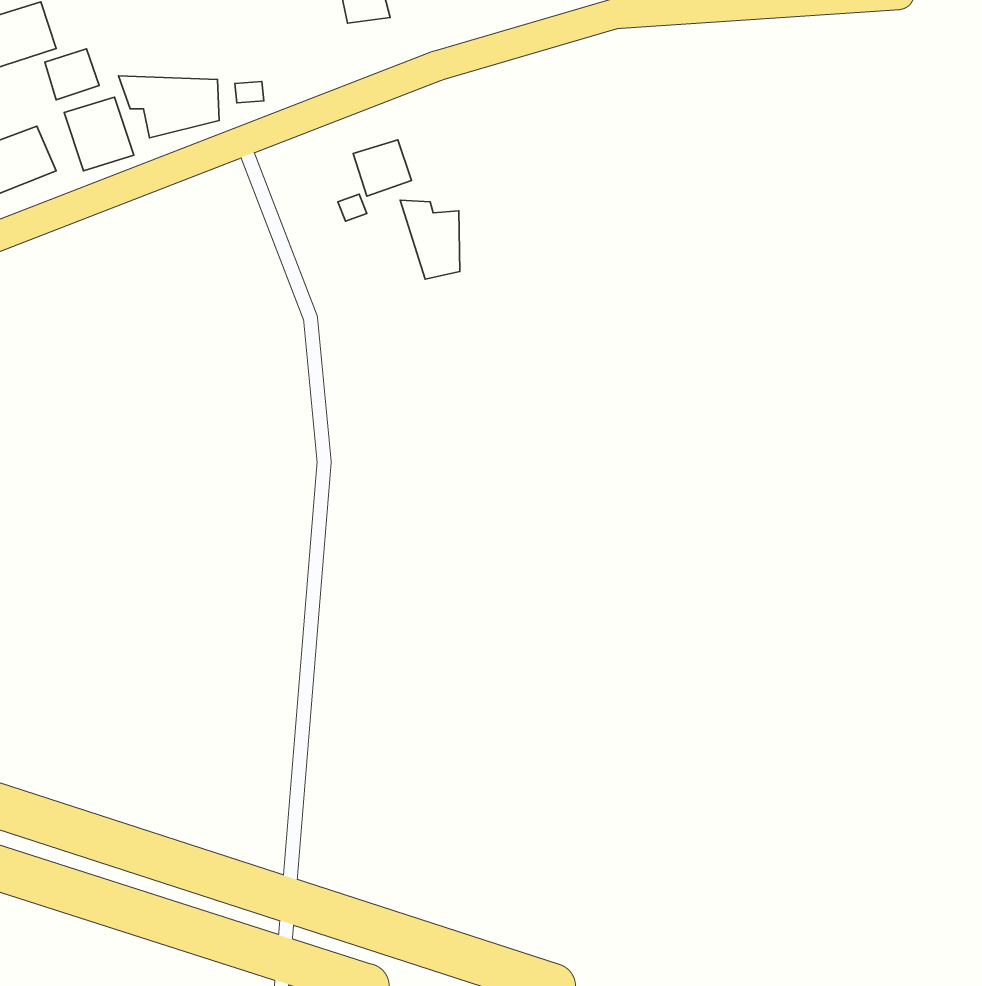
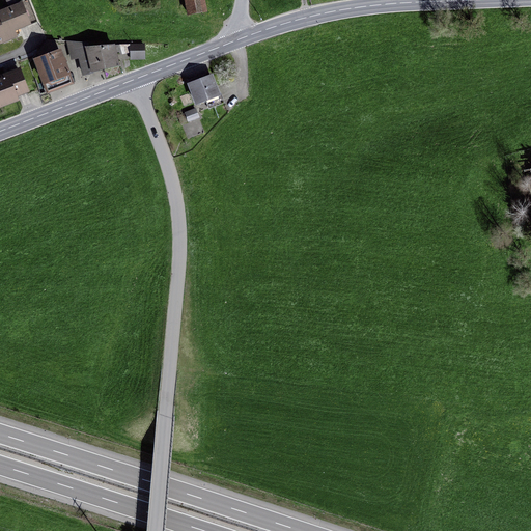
building: [45,49,99,100] -> none
building: [400,200,460,279] -> none

